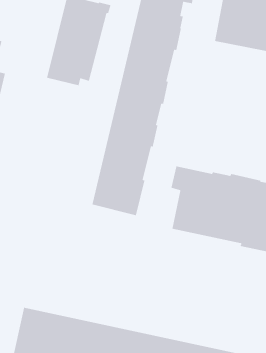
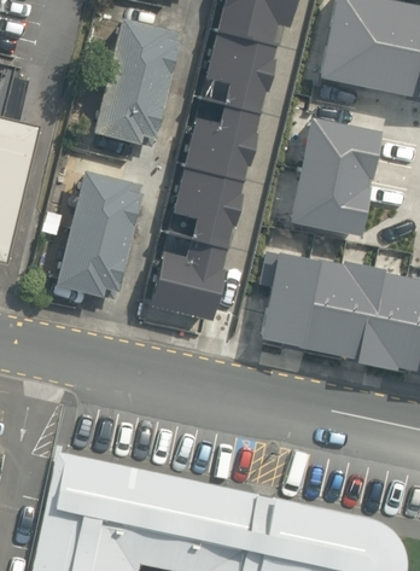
building: none -> [292,121,384,240]
building: none -> [51,169,141,296]

